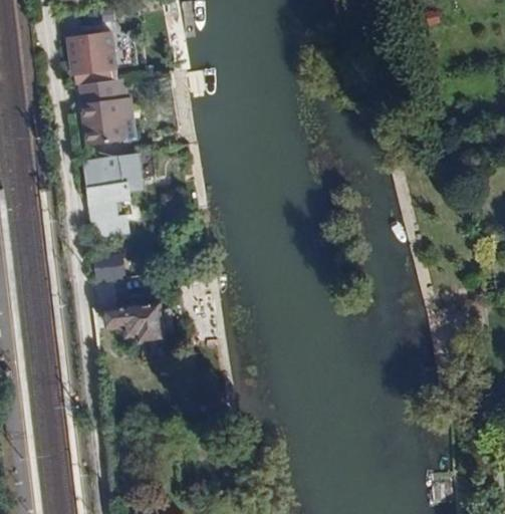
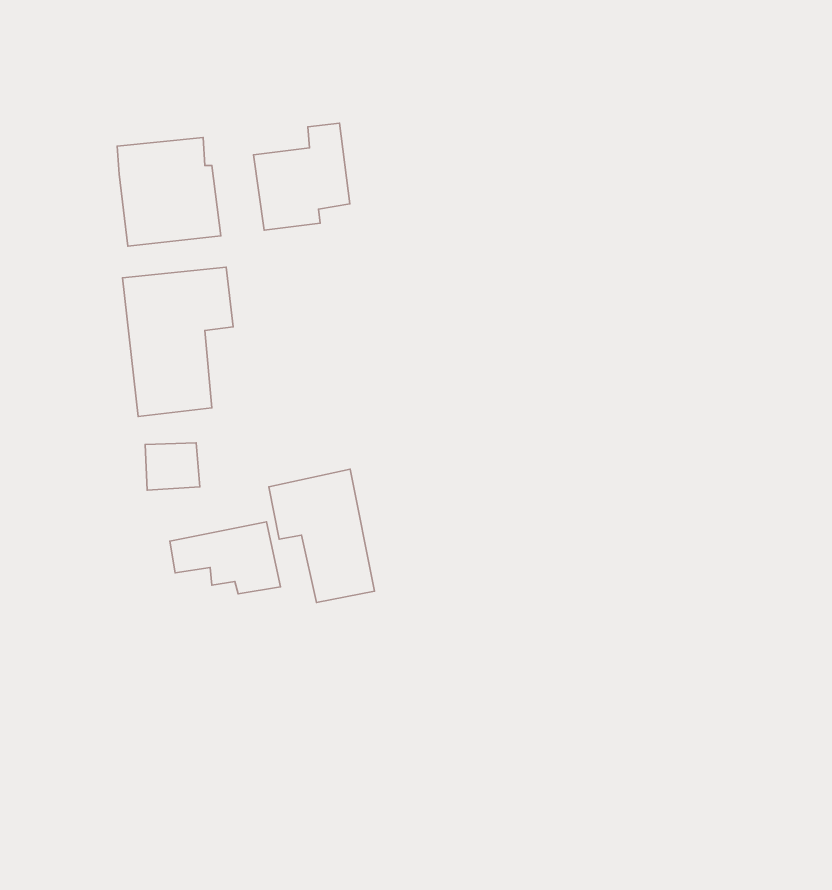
building: [69,19,124,80] -> [253,123,350,230]
building: none -> [269,469,375,603]

